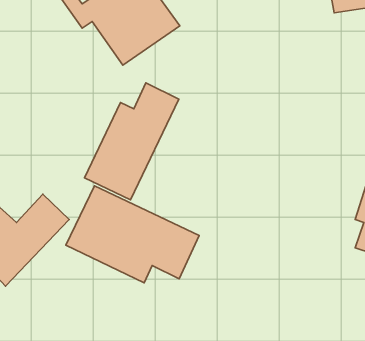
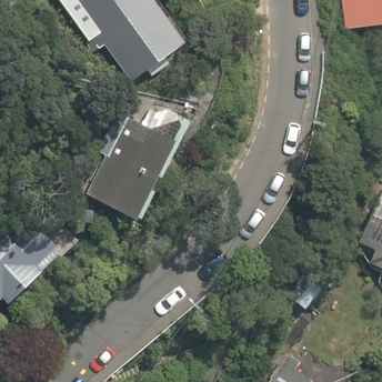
building: [66,186,199,283] -> none

